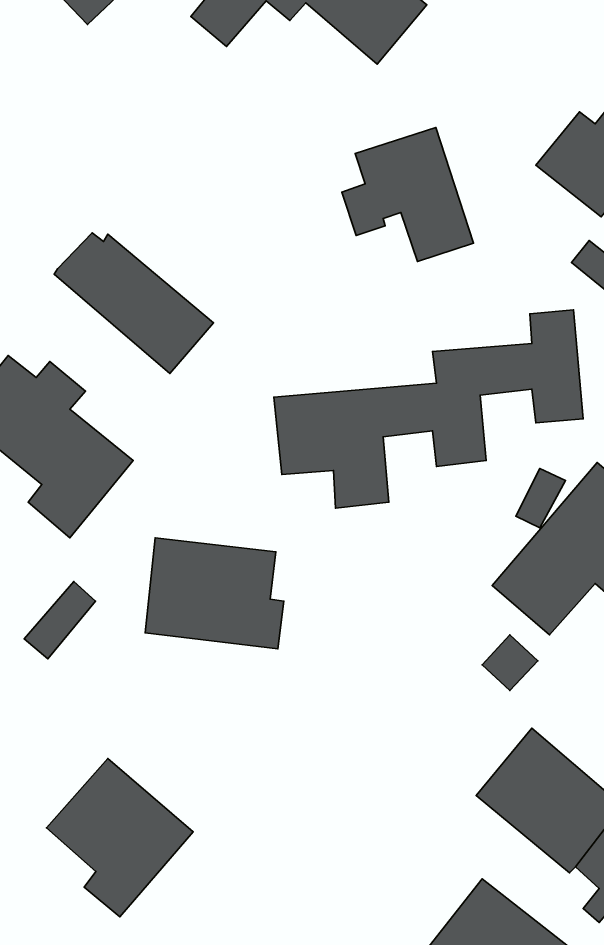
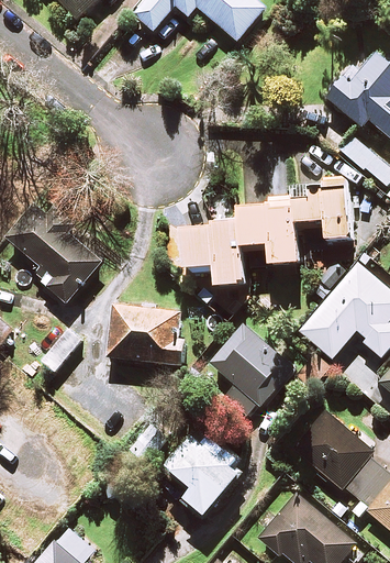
building: [342,127,474,262] -> none
building: [54,233,214,373] -> none
building: none -> [210,323,293,418]
building: [46,758,193,917] -> [163,427,244,515]

